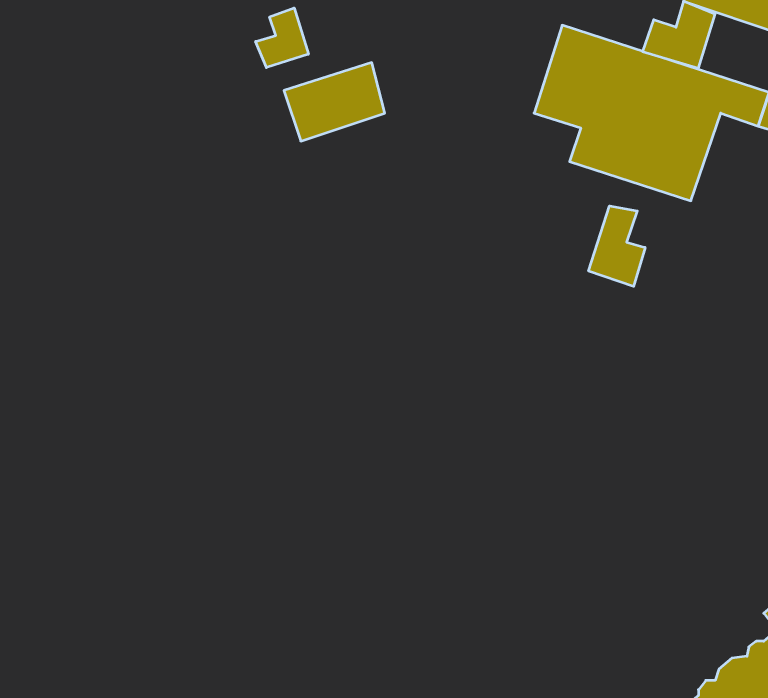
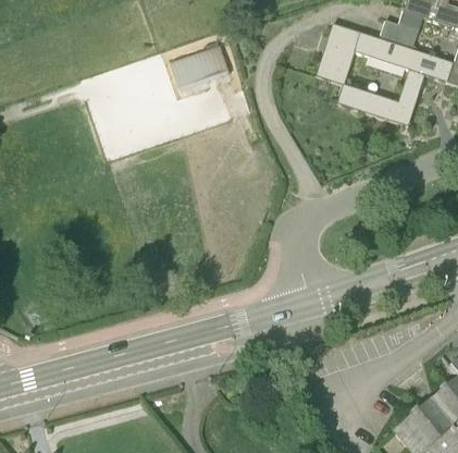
building: [256,8,308,68] -> none
building: [589,206,645,286] -> none

